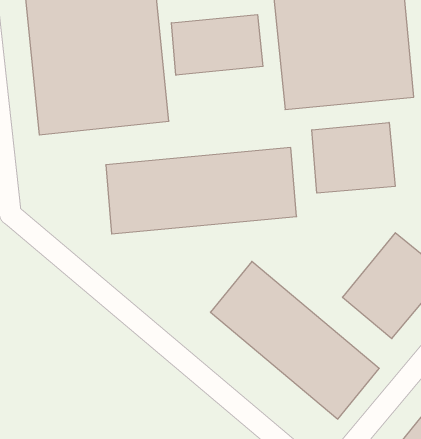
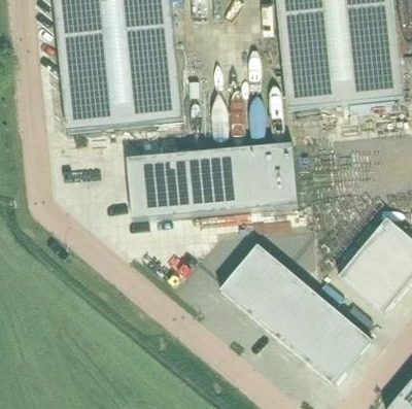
building: [171,15,263,75] -> none
building: [312,122,395,193] -> none

